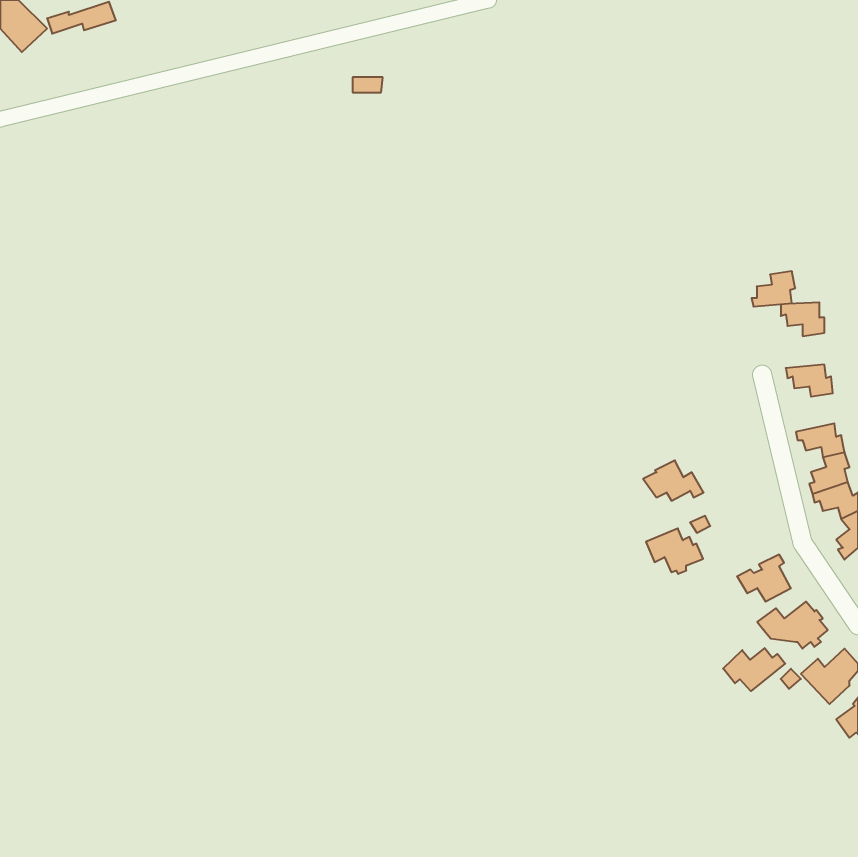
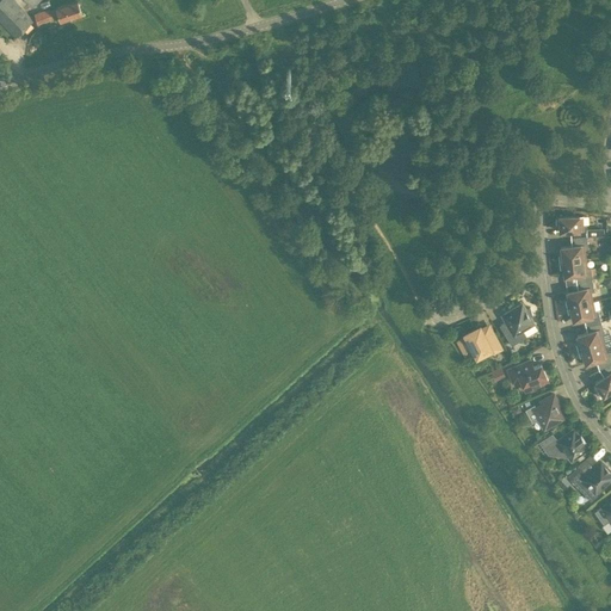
building: [752,271,795,307] -> [557,237,588,263]
building: none -> [564,280,594,308]
building: none -> [501,304,535,346]
building: [646,528,703,574] -> [507,360,548,393]
building: [723,648,785,691] -> none

